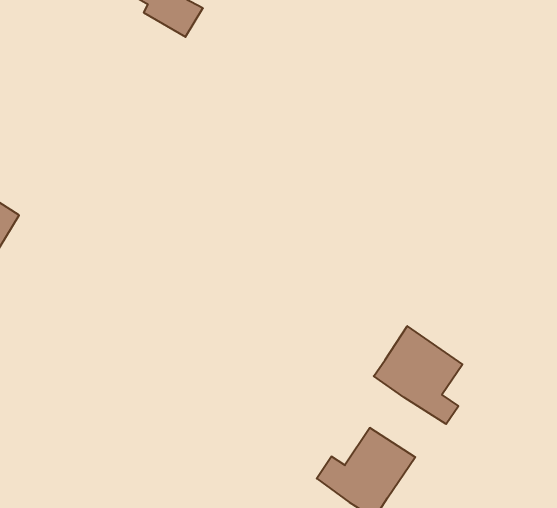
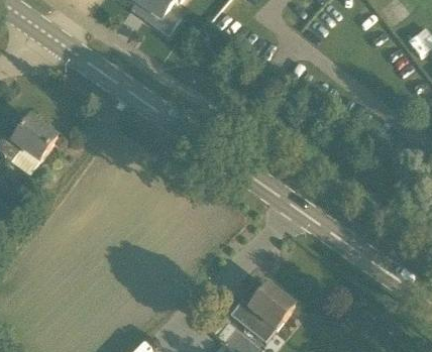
building: [374,326,462,424] -> none

